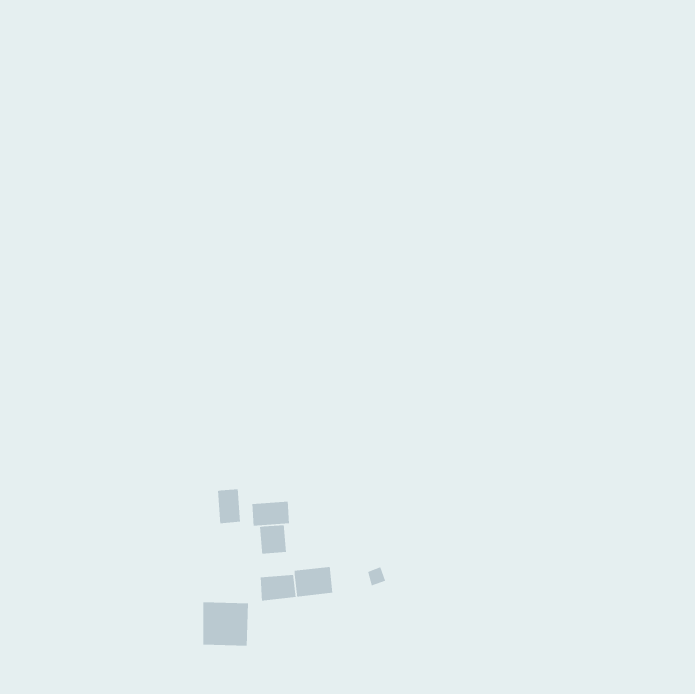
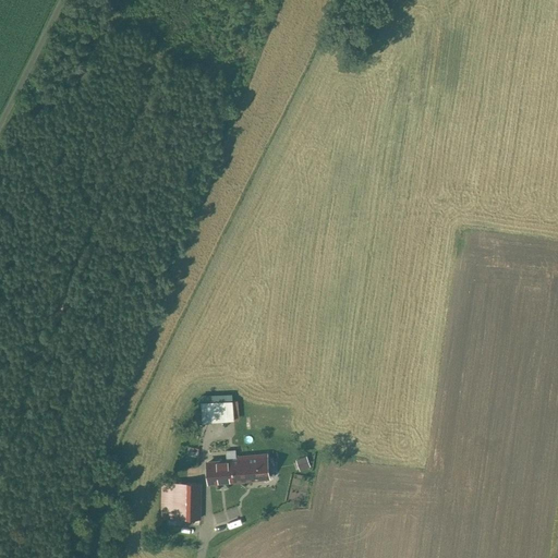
building: [217,489,241,524] -> none
building: [259,524,287,554] -> none

